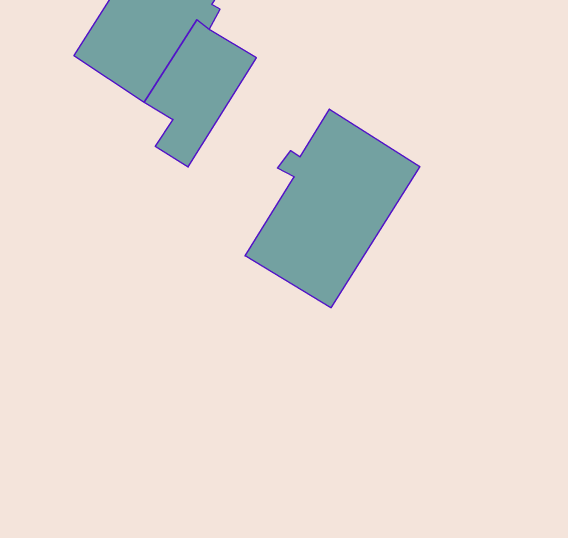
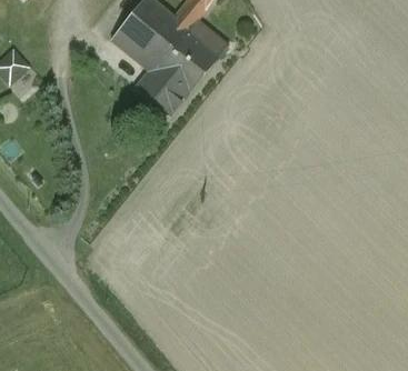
building: [245,109,420,308] -> none

